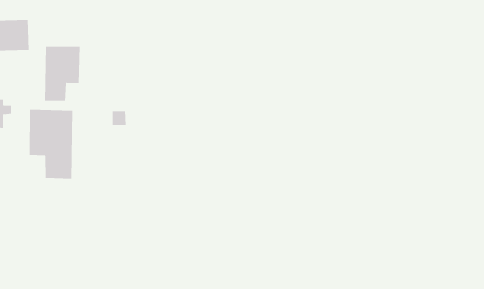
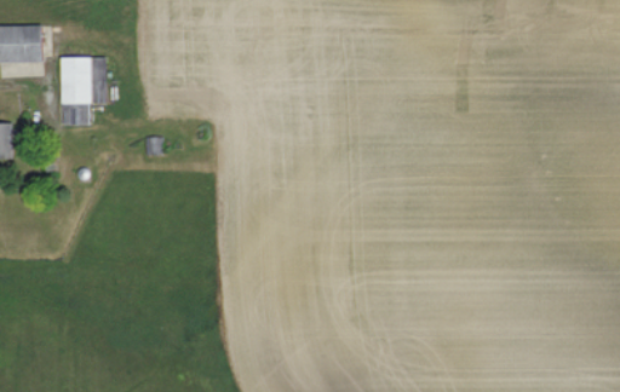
building: [29,109,73,179] -> none

